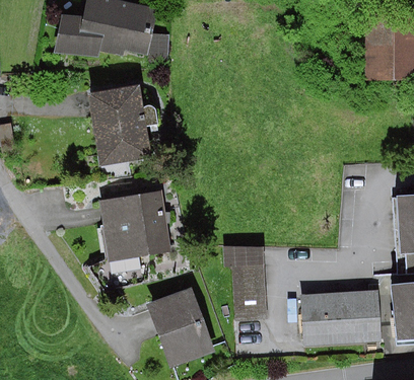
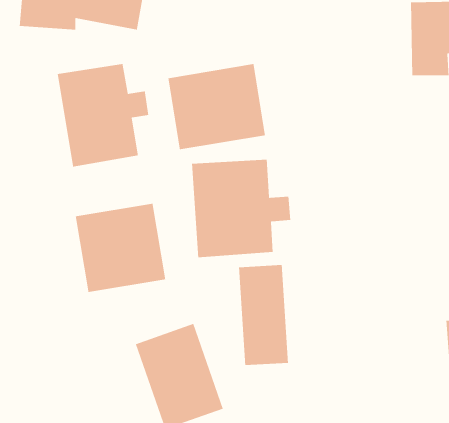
building: none -> [167,63,266,150]
building: none -> [191,159,291,258]
building: [303,289,384,345] -> none

